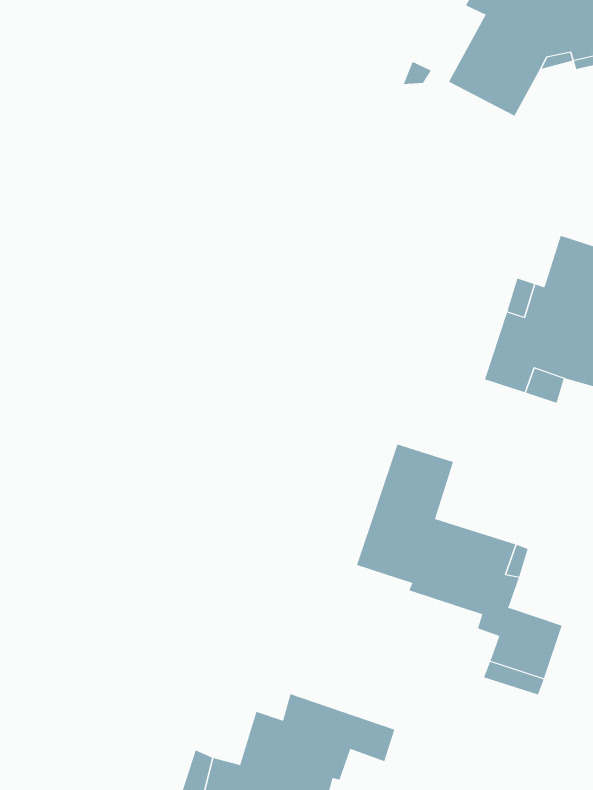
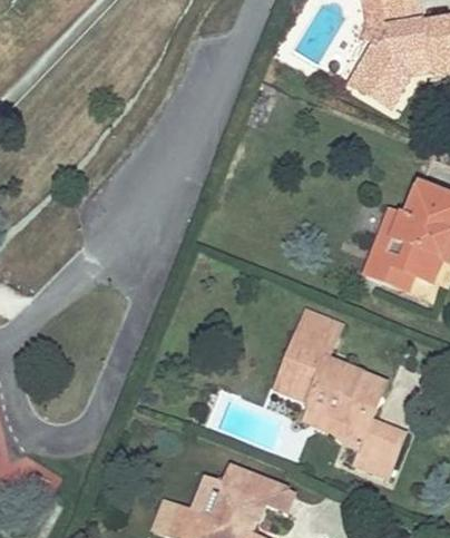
building: none -> [301,403,363,449]

